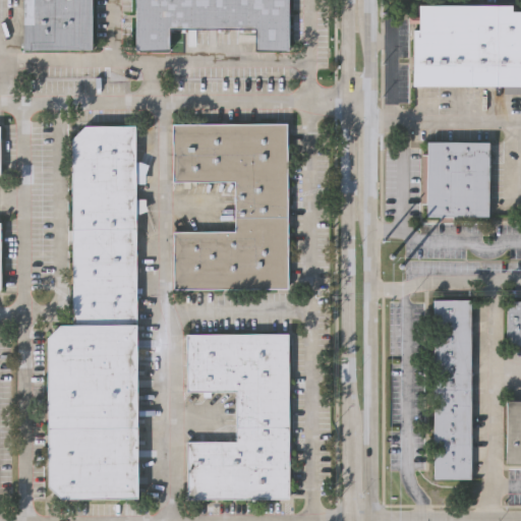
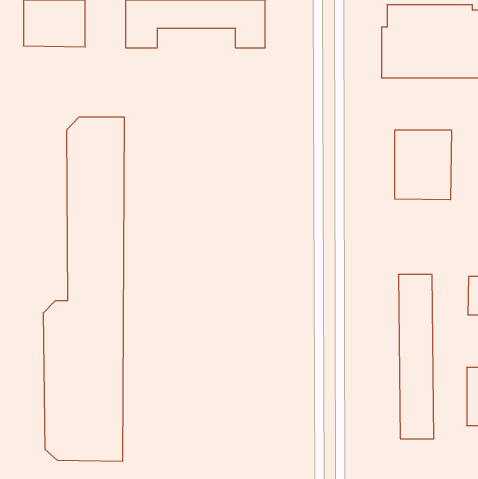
building: [175,125,291,291] -> none
building: [186,333,288,499] -> none

